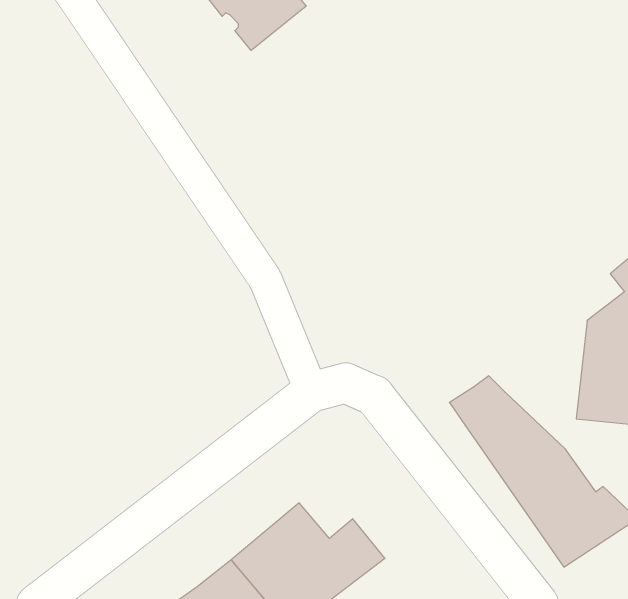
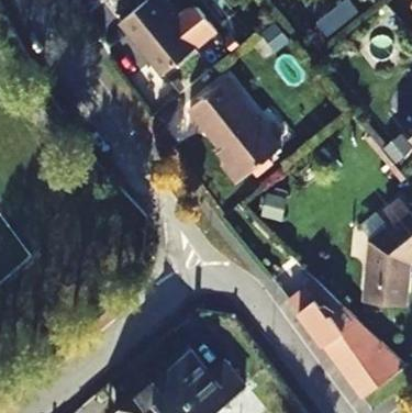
building: none -> [188,80,279,185]

